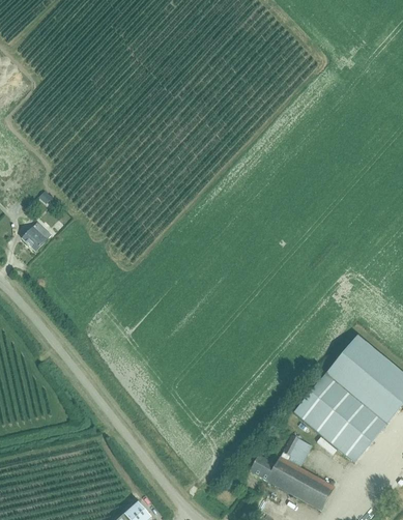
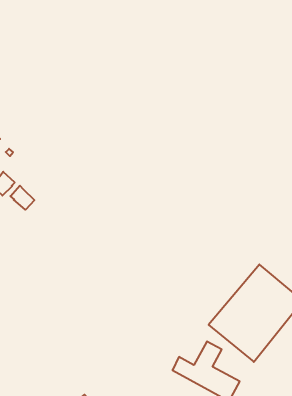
building: none -> [10,186,34,210]

